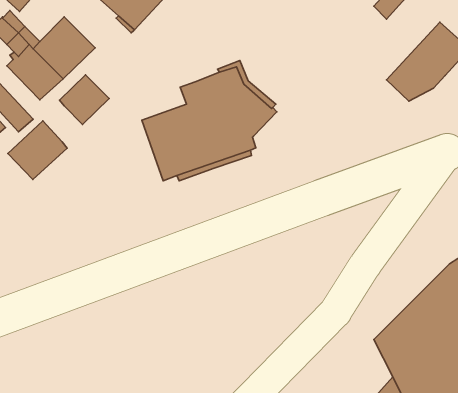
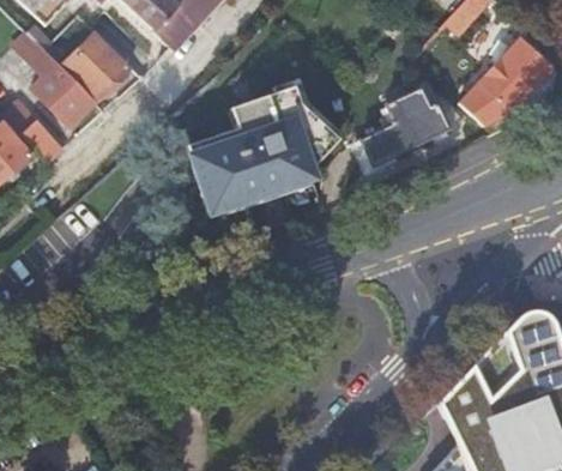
building: none -> [362,89,451,167]
building: [59,75,109,125] -> none
building: [8,121,67,180] -> none

